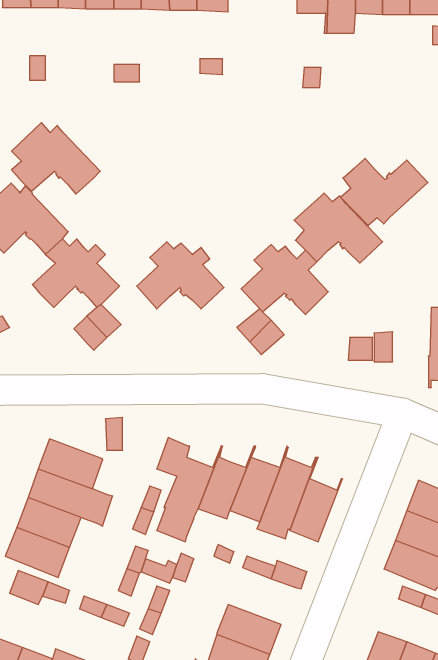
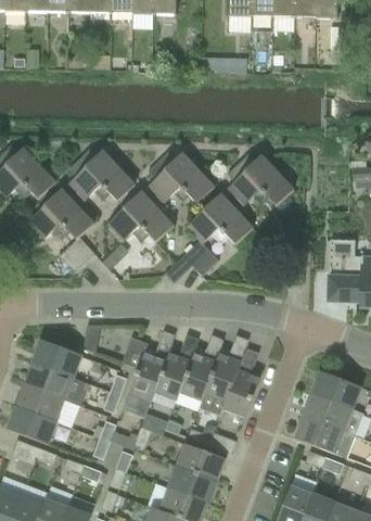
building: [12,123,100,194] -> [68,147,136,201]
building: [341,158,428,226] -> none
building: none -> [148,150,215,203]
building: none -> [177,443,226,480]

